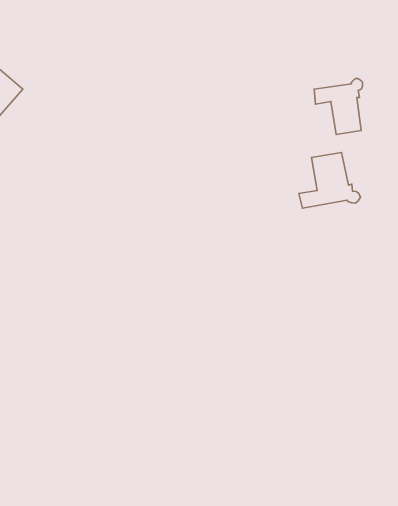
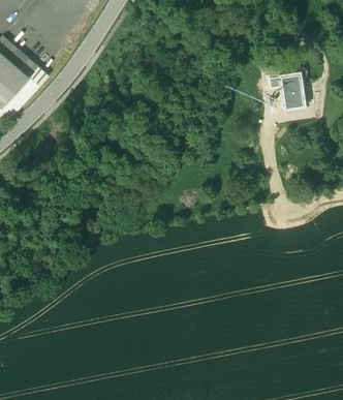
building: [299,153,360,208] -> none

